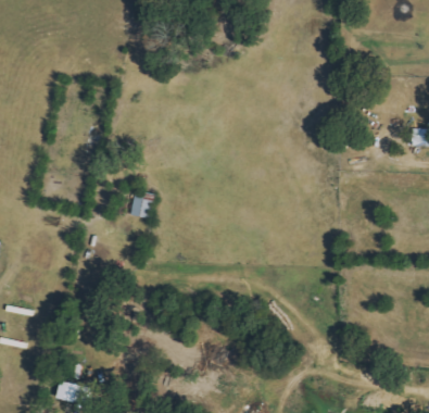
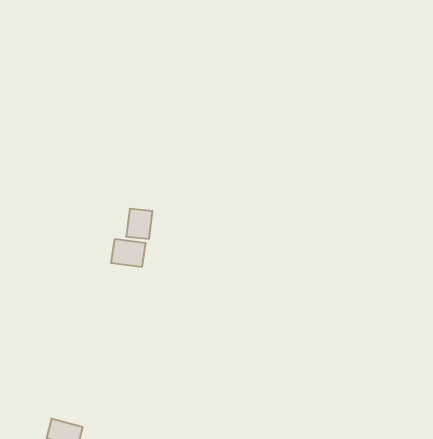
building: none -> [111,239,146,267]

